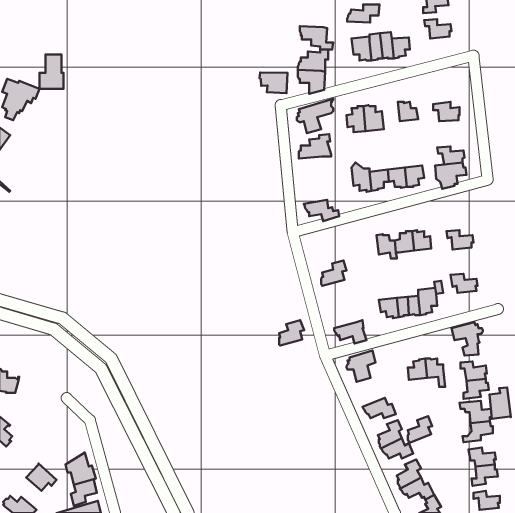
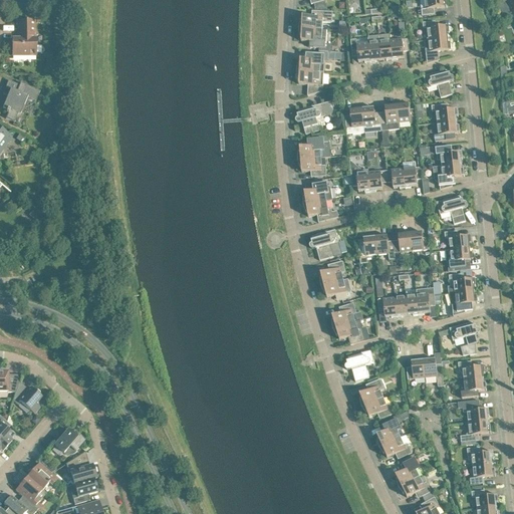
building: [347,4,379,23] -> [298,9,330,27]
building: none -> [424,36,451,61]
building: [39,55,64,89] -> [11,18,35,52]
building: none -> [423,67,454,95]
building: [260,72,287,93] -> none
building: none -> [379,101,399,128]
building: none -> [434,119,459,140]
building: none -> [297,156,325,175]
building: none -> [302,180,332,203]
building: none -> [436,194,467,222]
building: none -> [309,228,339,259]
building: none -> [357,234,376,262]
building: none -> [447,246,472,270]
building: none -> [320,278,351,298]
building: none -> [448,289,477,314]
building: [279,320,304,345] -> [331,301,356,326]
building: none -> [12,379,41,412]
building: [489,387,511,419] -> none
building: [408,416,432,443] -> [359,377,383,405]
building: none -> [53,428,83,453]
building: none -> [15,475,45,504]

